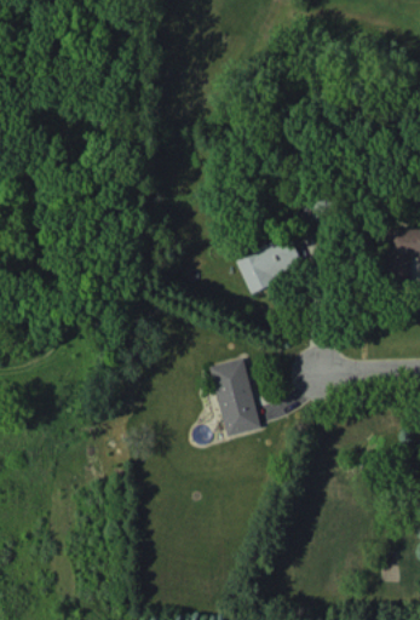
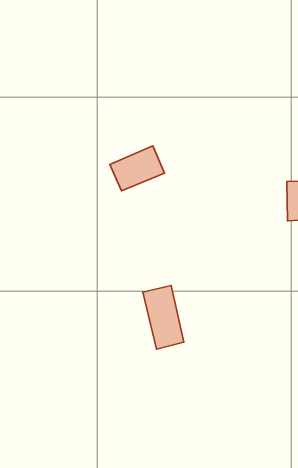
building: [236,237,304,293] -> [110,146,164,191]

